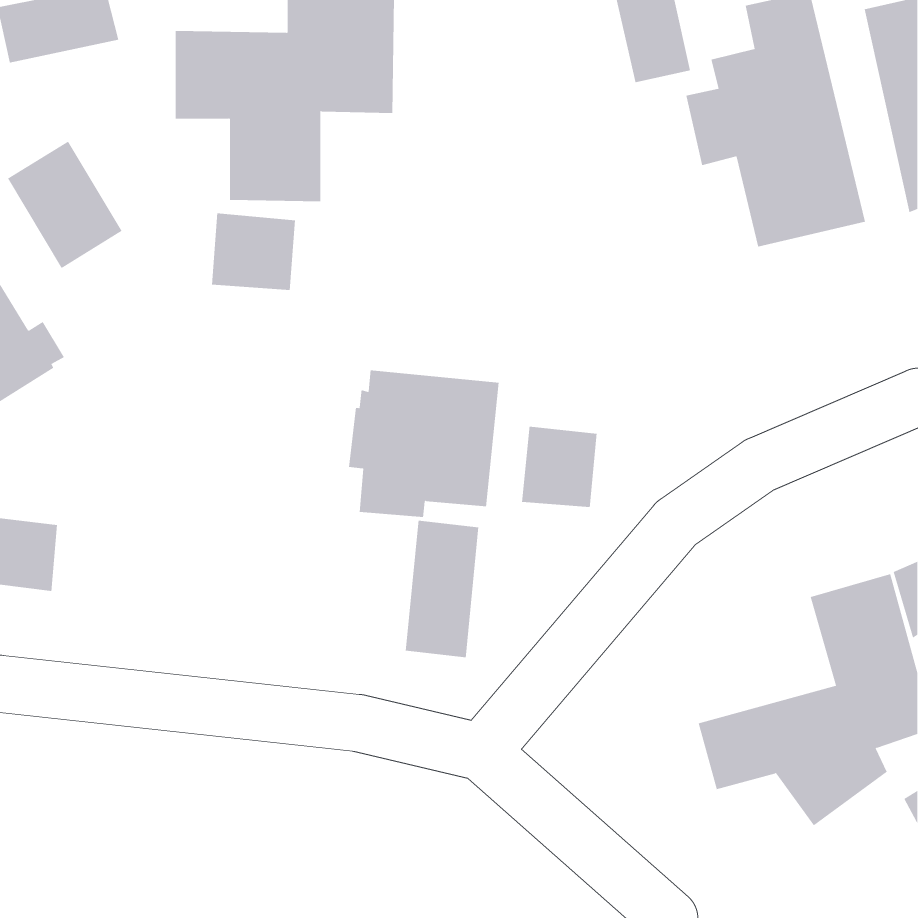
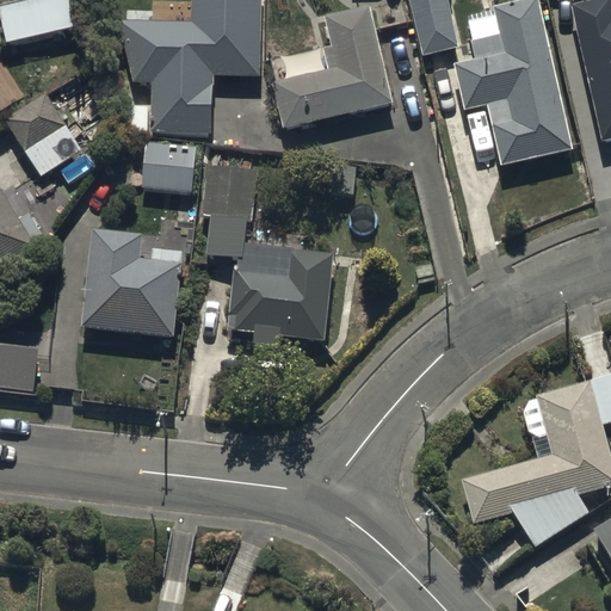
building: none -> [272,6,390,126]
building: none -> [202,166,257,259]
building: none -> [81,228,183,340]
building: [522,426,597,508] -> none
building: [405,520,479,658] -> none

